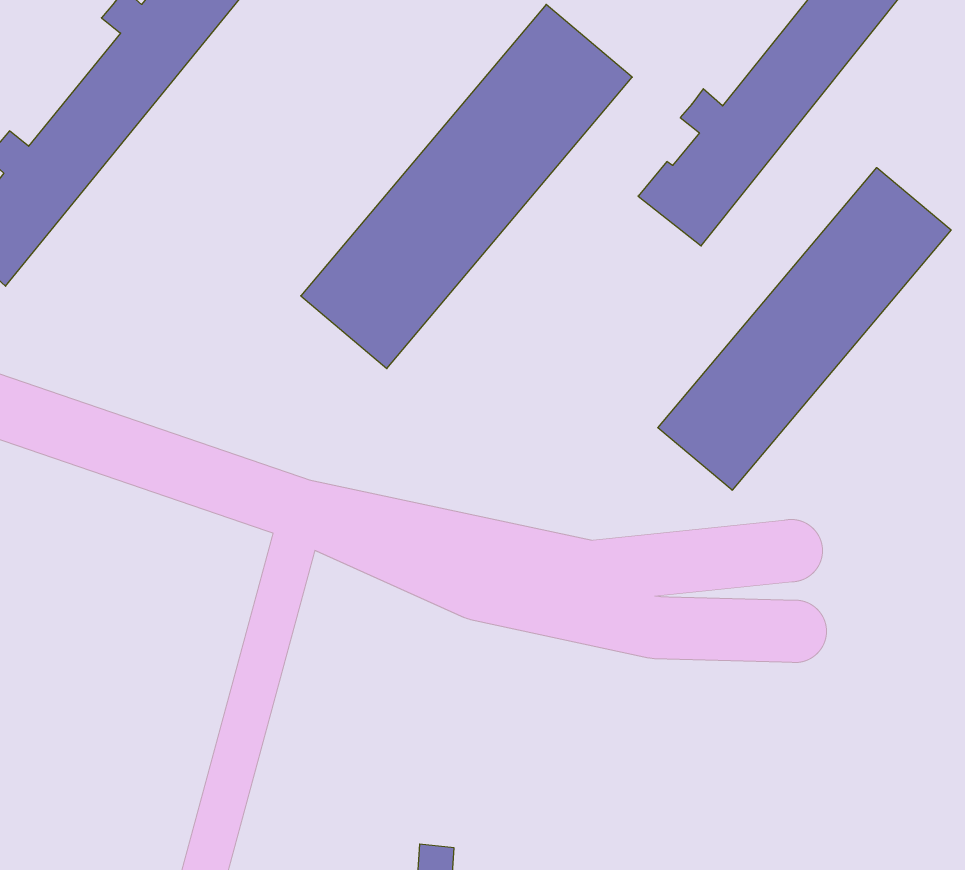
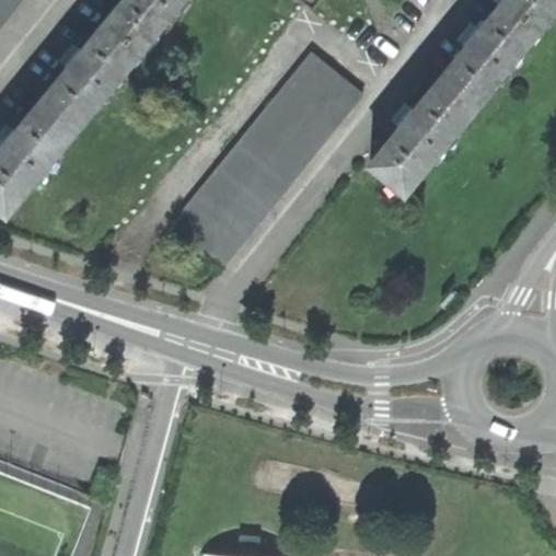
building: [658,168,951,490] -> none

